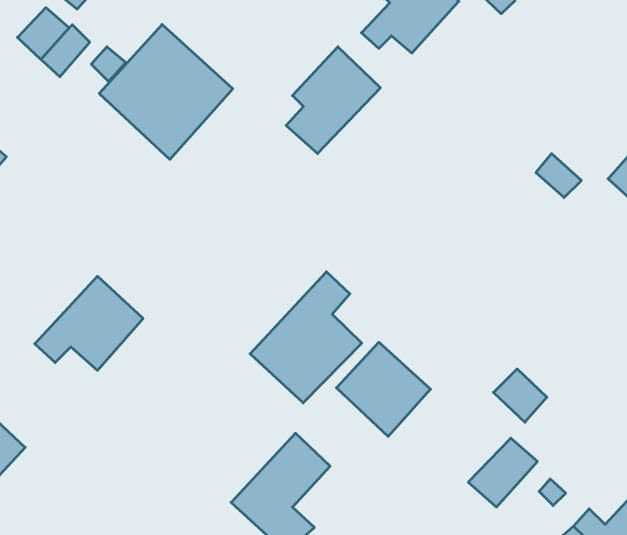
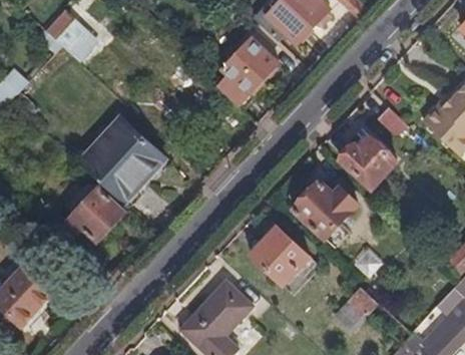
building: [99,24,233,159] -> [79,116,164,203]
building: none -> [339,135,396,188]
building: none -> [293,181,353,238]
building: [250,272,362,403] -> none

